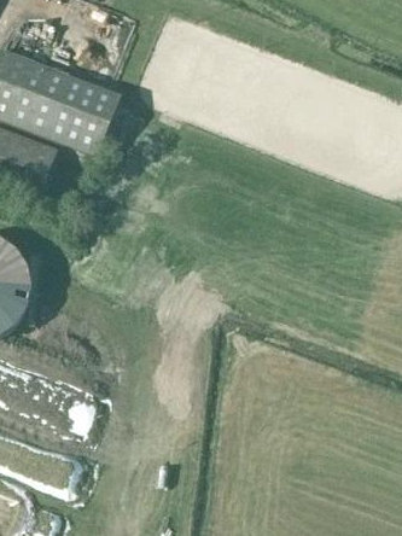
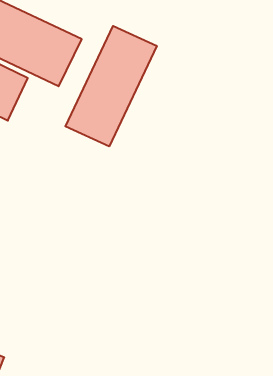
building: none -> [65,26,157,146]

